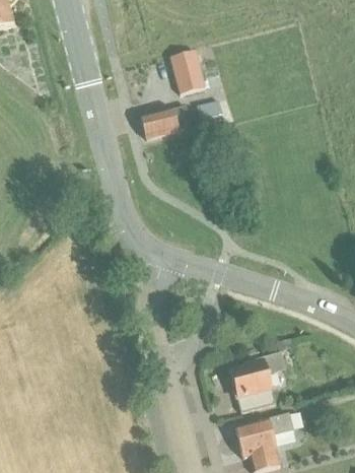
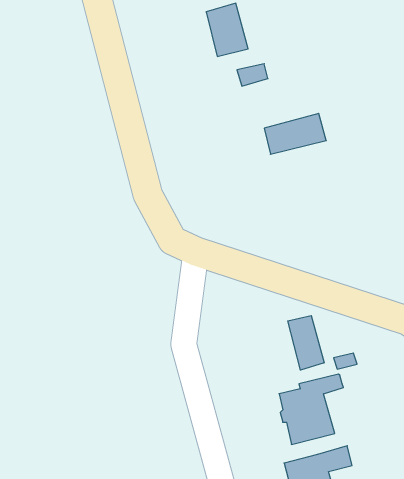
building: [141,105,192,138] -> [264,113,326,154]
building: none -> [288,316,324,370]

